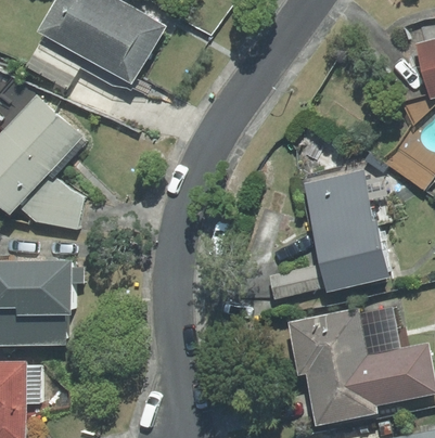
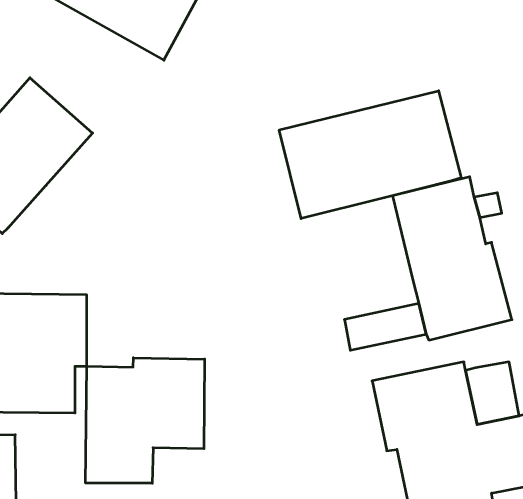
building: none -> [279,91,461,219]
building: [16,177,80,232] -> none
building: none -> [86,358,205,483]

